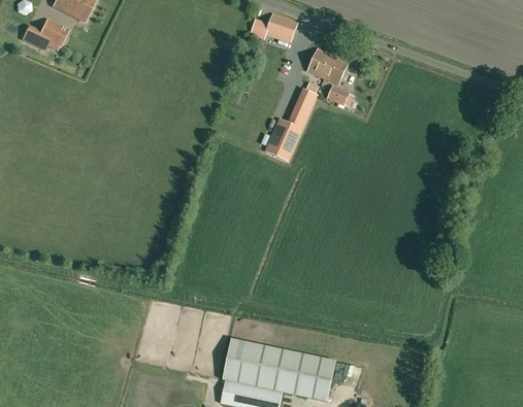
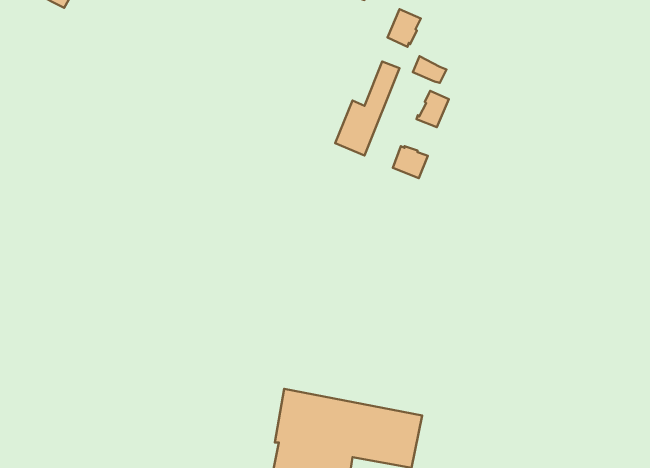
building: [323,56,348,83] -> [417,91,449,127]
building: none -> [393,146,428,178]

